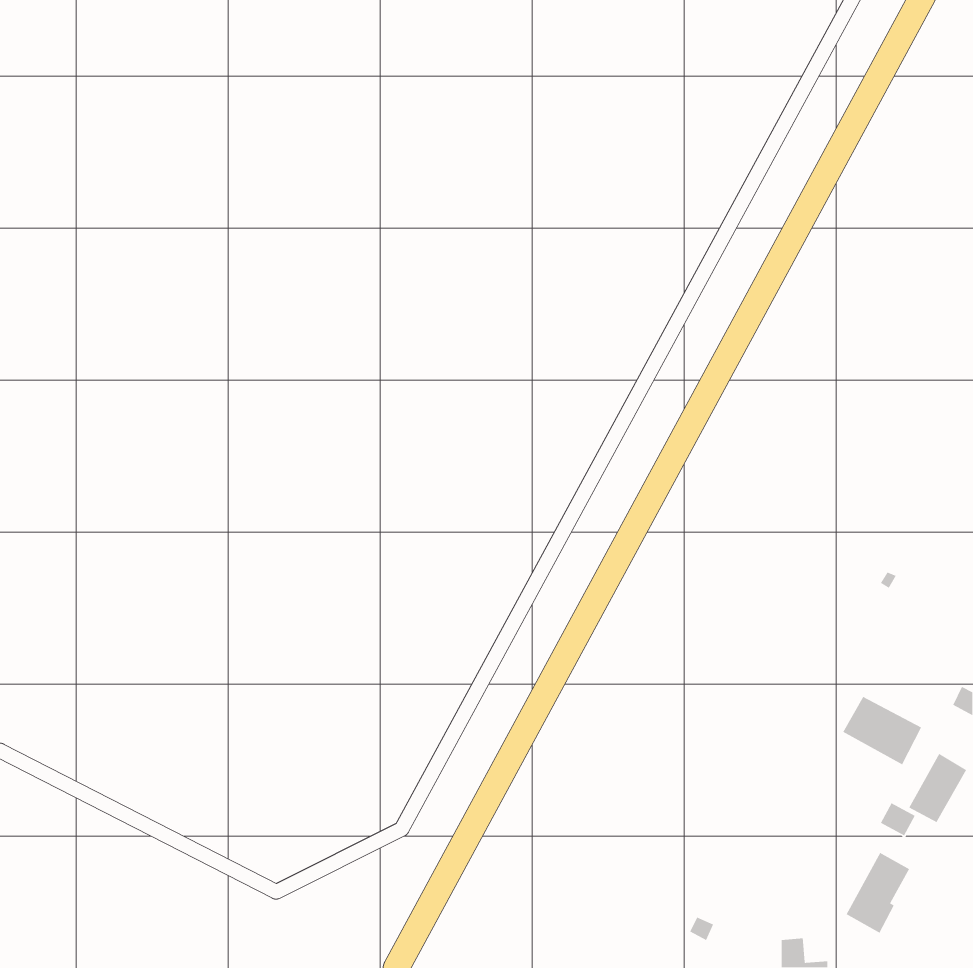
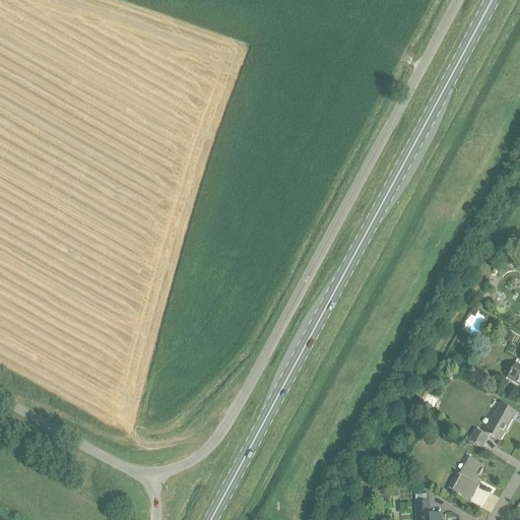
building: [842,696,922,765] -> none

